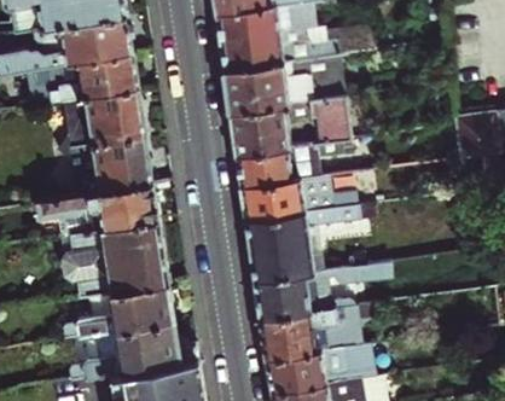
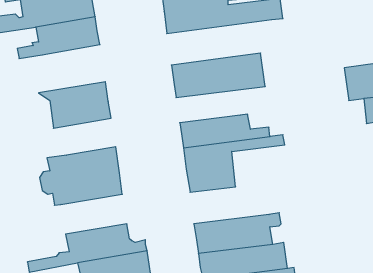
building: [222,51,361,110] -> none
building: [56,83,143,146] -> none
building: [234,138,353,185] -> none
building: [34,179,156,227] -> none
building: [252,250,390,316] -> none
building: [58,278,170,335] -> none

